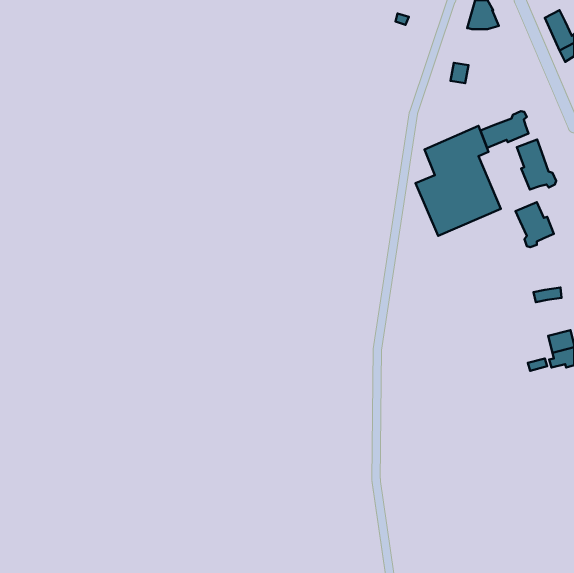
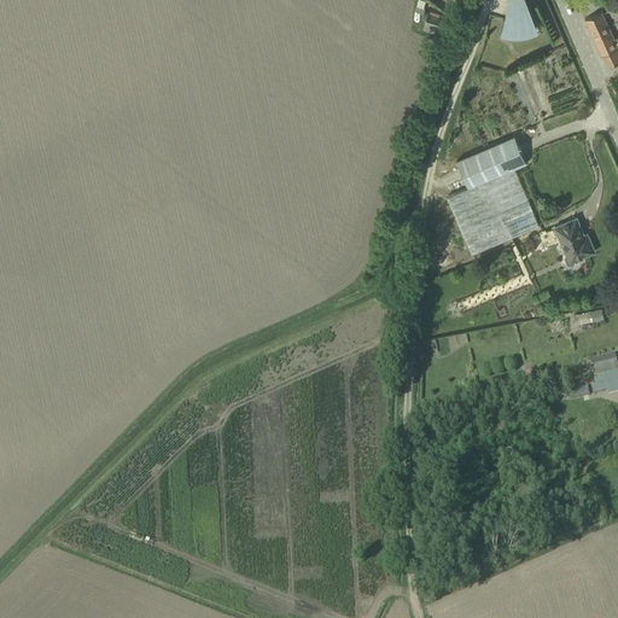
building: [480,111,528,148] -> none
building: [517,140,556,190] -> none

